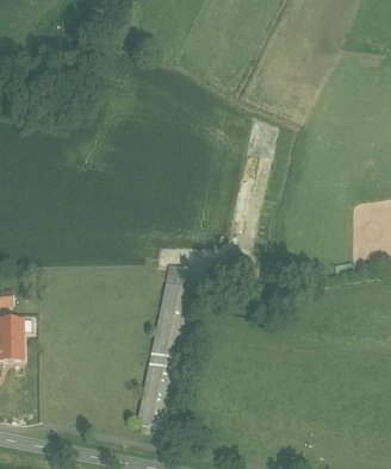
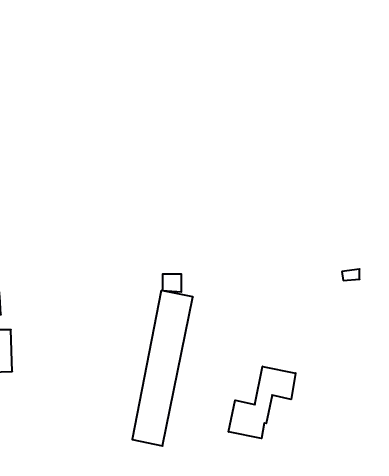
building: none -> [229,366,296,438]

